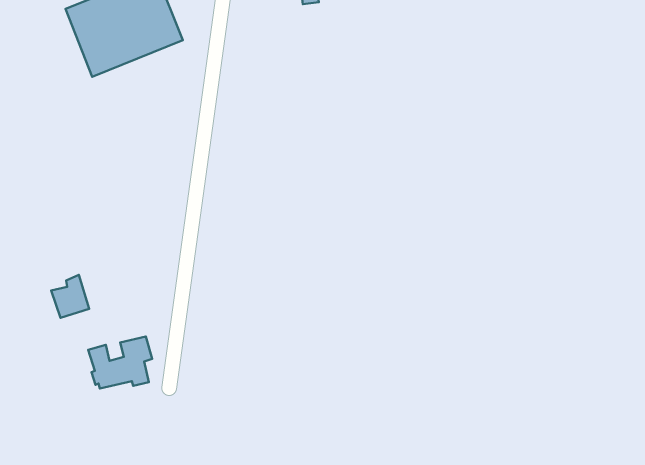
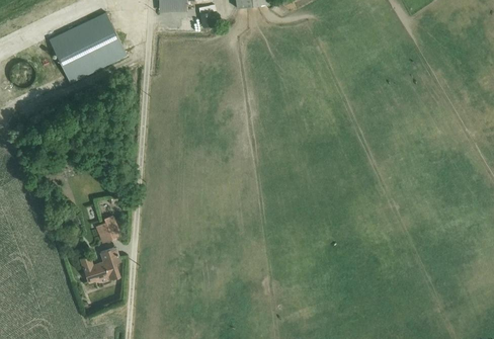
building: [51,275,89,318] -> [95,215,120,243]

